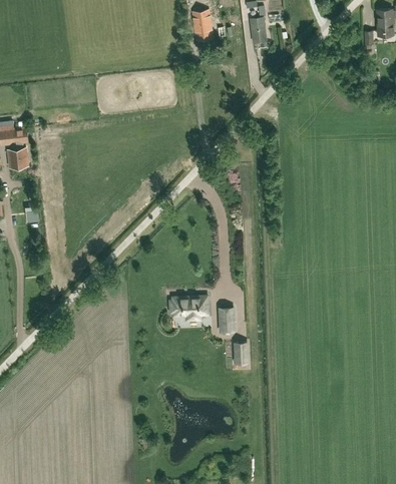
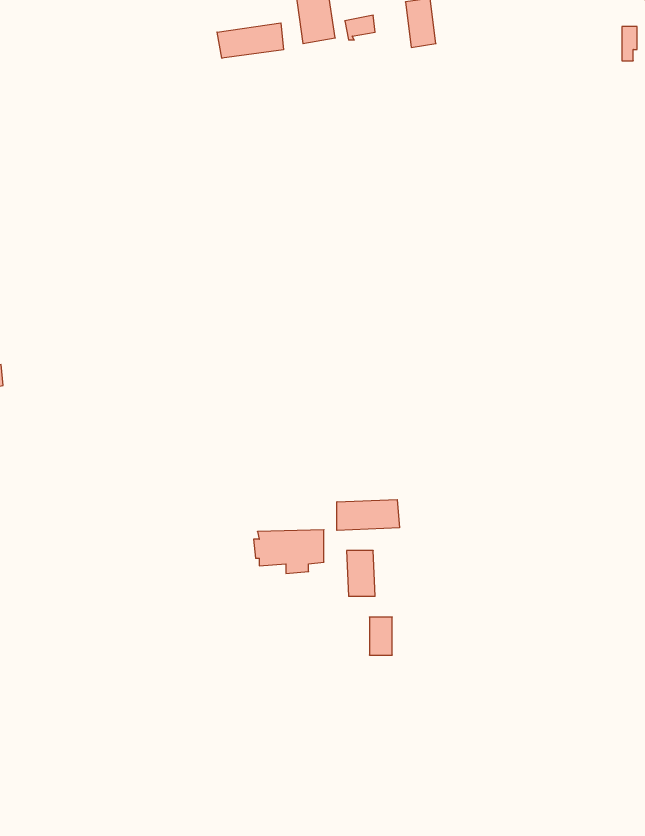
building: none -> [217,23,283,58]
building: none -> [337,500,399,530]

